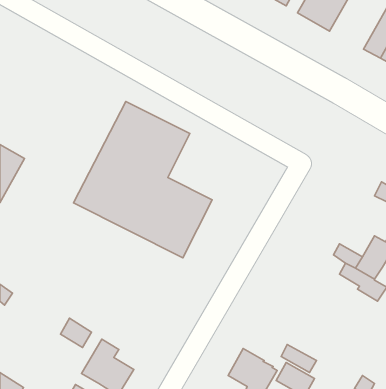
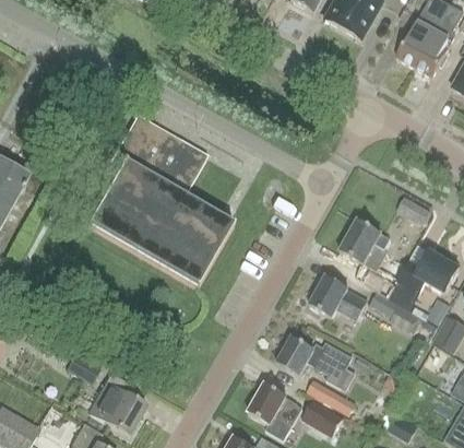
building: none -> [340,219,388,270]
building: none -> [310,275,367,319]
building: none -> [277,337,353,376]

